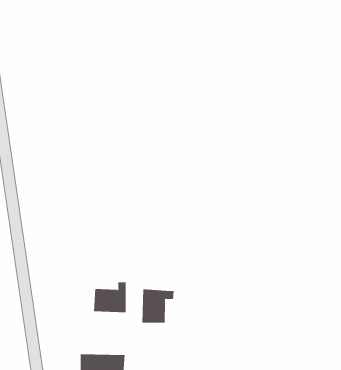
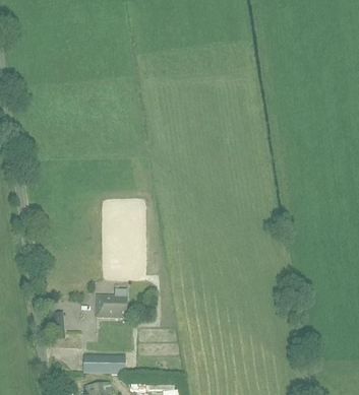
building: [142,289,174,324] -> none

